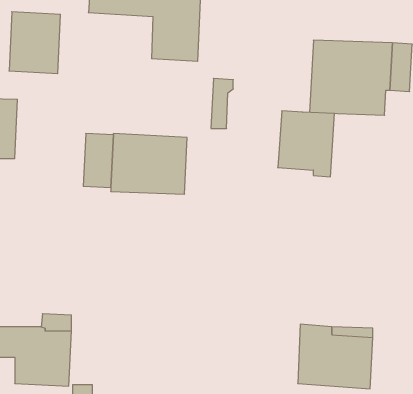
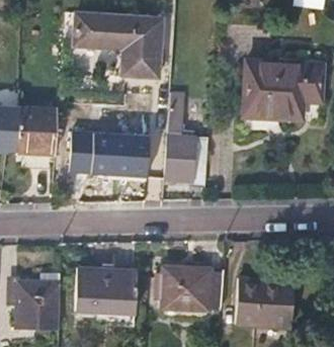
building: [9,12,60,74] -> [17,107,57,155]
building: [278,111,334,177] -> [165,136,208,186]
building: none -> [162,267,224,310]
building: none -> [74,269,136,312]

